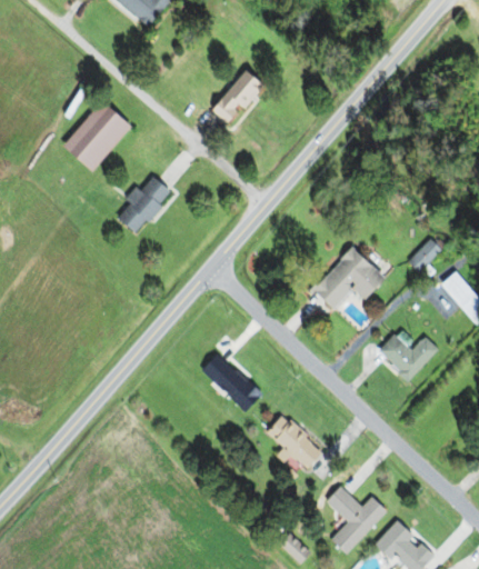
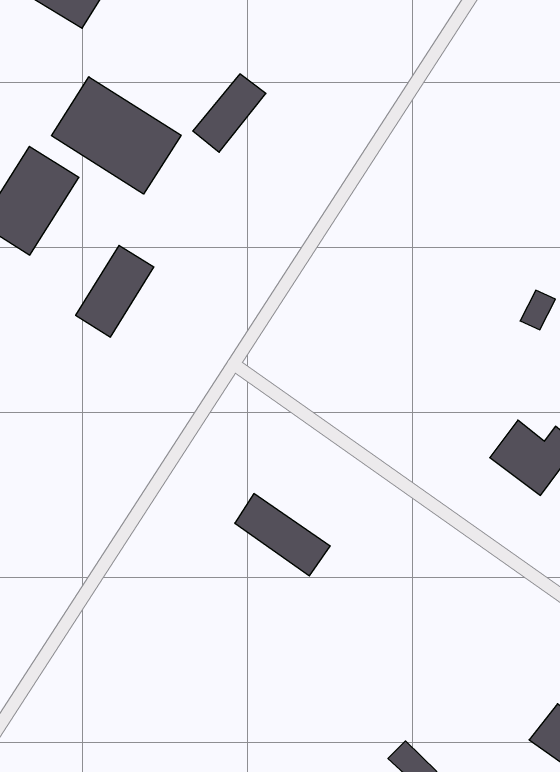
building: none -> [51,77,181,194]
building: [310,247,383,310] -> none
building: [266,415,322,470] -> none
building: [326,486,387,555] -> none

